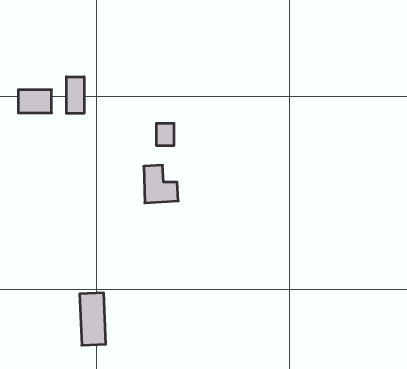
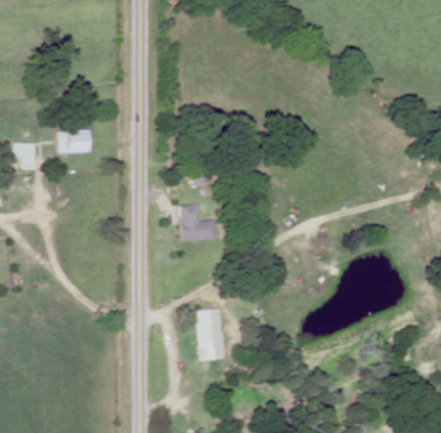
building: [66,77,84,113] -> none
building: [80,293,106,345] -> [196,309,222,360]

